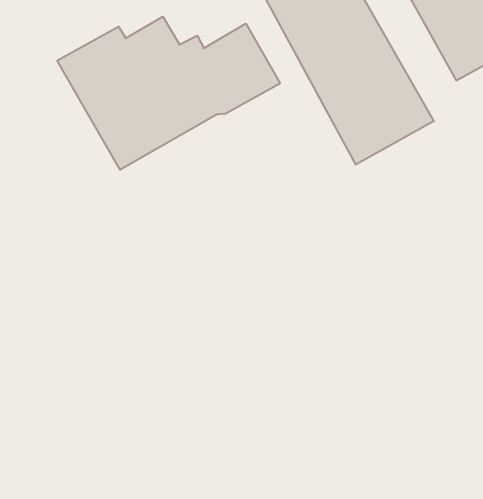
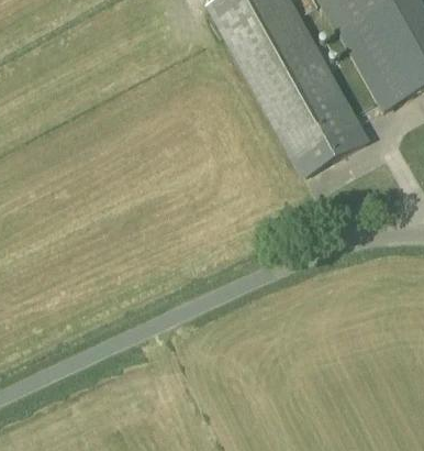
building: [57,17,280,170] -> none

